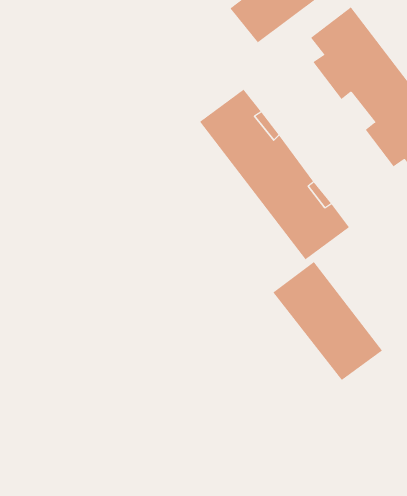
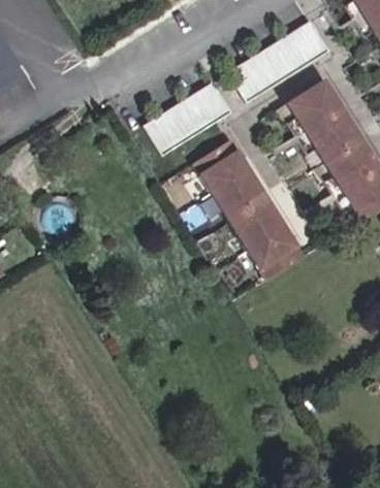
building: none -> [142,82,231,154]
building: [273,261,383,381] -> none

